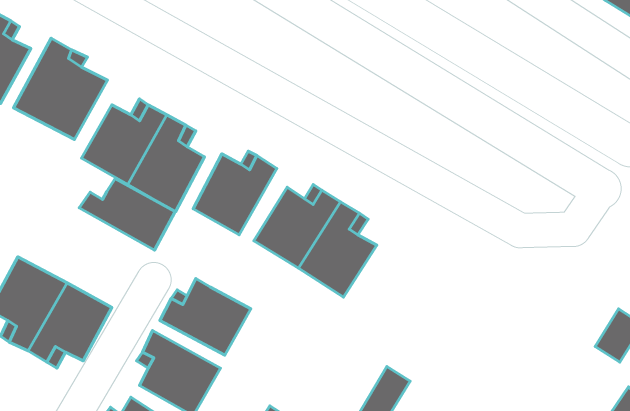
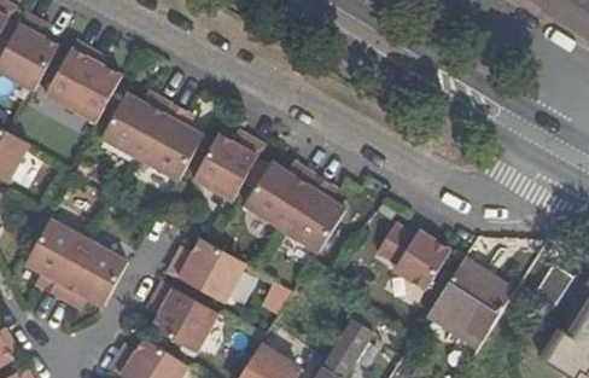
building: [79,178,175,250] -> none
building: none -> [375,223,450,291]
building: none -> [431,267,512,342]

